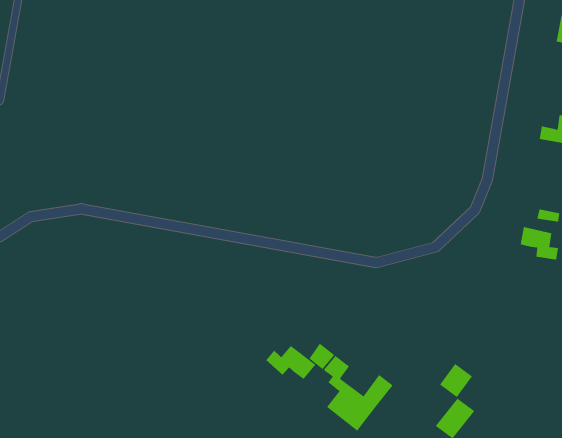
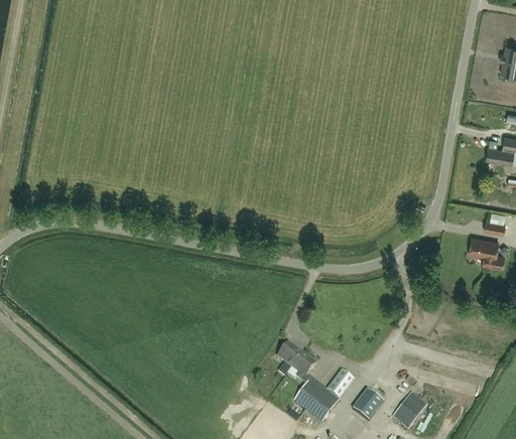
building: [266,345,316,380] -> none
building: [439,363,473,398] -> [353,390,383,421]

